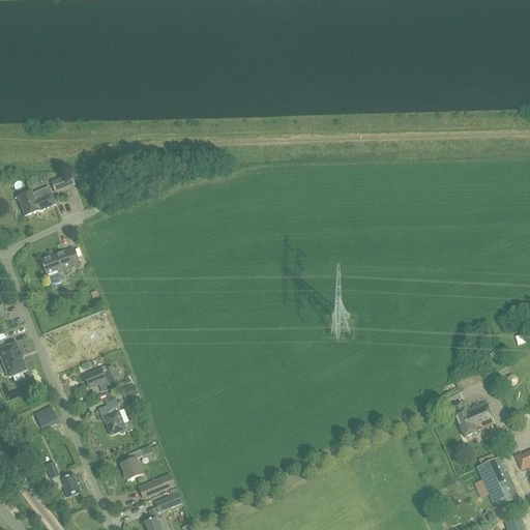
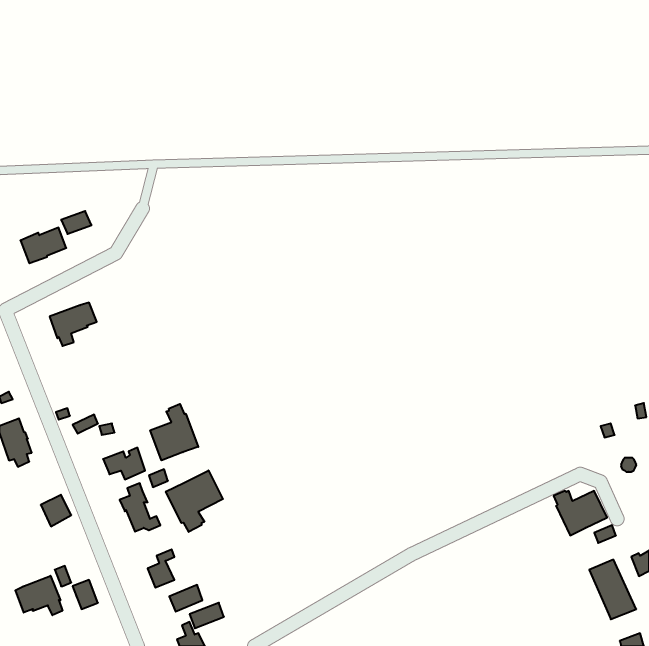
building: none -> [150,404,198,460]
building: none -> [166,470,223,532]
building: none -> [15,576,62,615]

